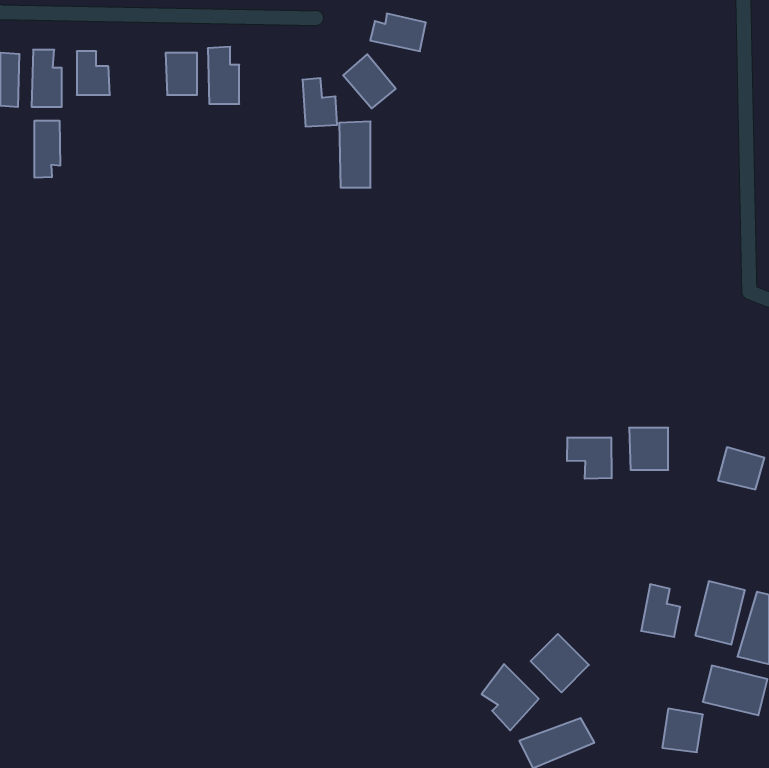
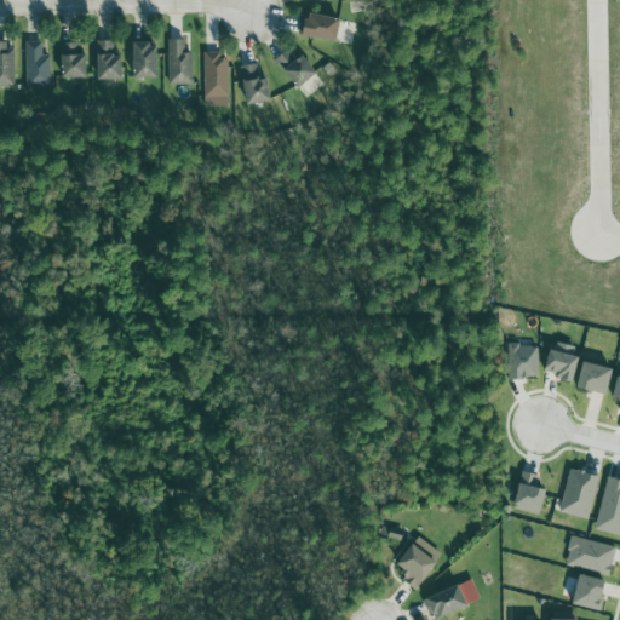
building: none -> [97,39,124,79]
building: [35,121,60,178] -> none
building: [339,121,371,188] -> [203,52,229,105]
building: none -> [546,350,580,380]
building: [567,437,612,479] -> none
building: [531,634,589,692] -> none
building: [662,709,703,752] -> [575,574,608,609]

